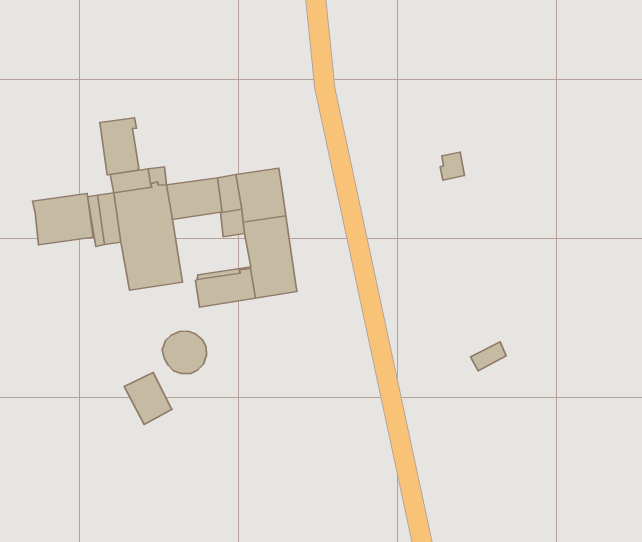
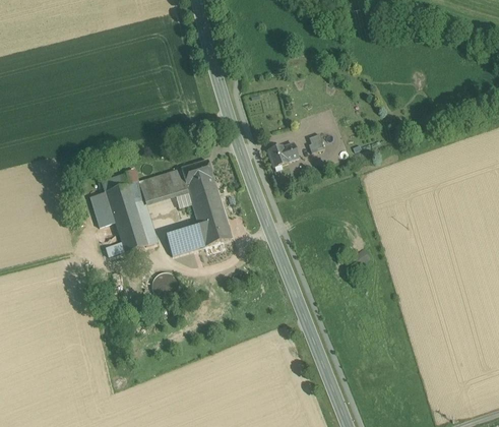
building: [100,118,139,175] -> none
building: none -> [267,141,298,166]
building: [33,193,93,245] -> none
building: [124,372,172,424] -> none

